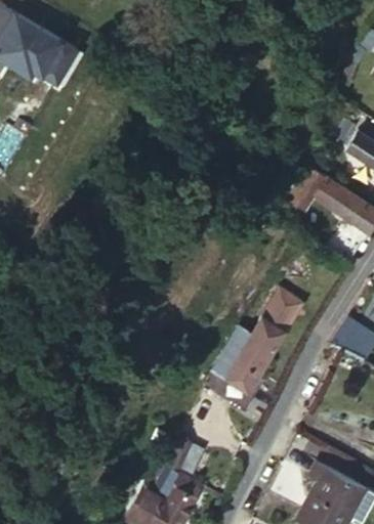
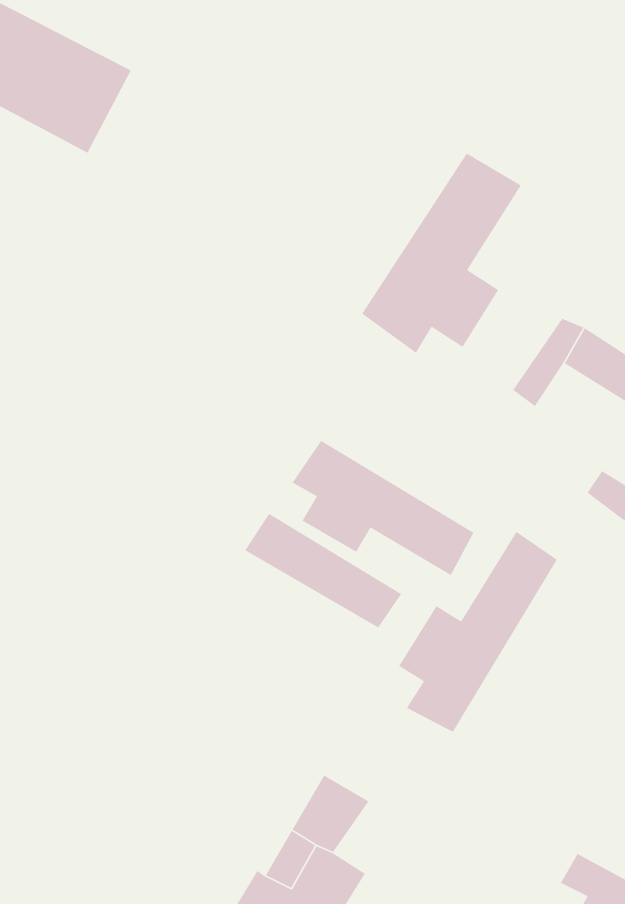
building: none -> [361,152,522,354]
building: none -> [291,440,475,576]
building: none -> [244,513,402,629]

